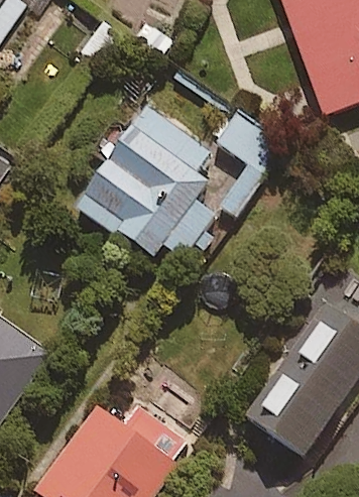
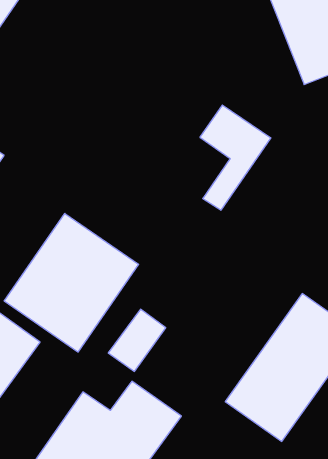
building: [74,106,213,260] -> none
building: none -> [4,213,139,352]

